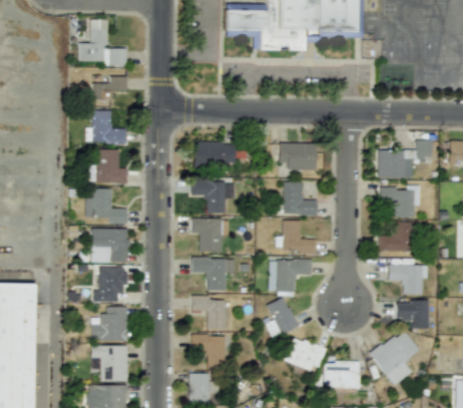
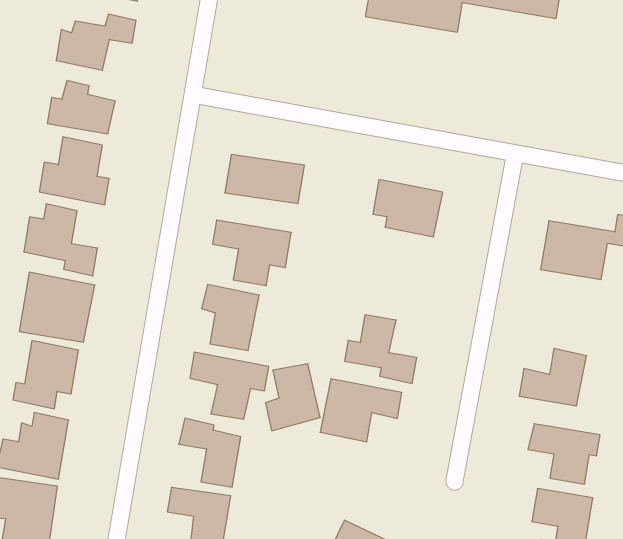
building: [284,181,317,215] -> none
building: [380,185,420,217] -> none
building: [267,297,299,338] -> [265,364,320,431]

